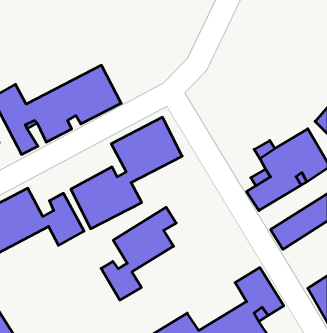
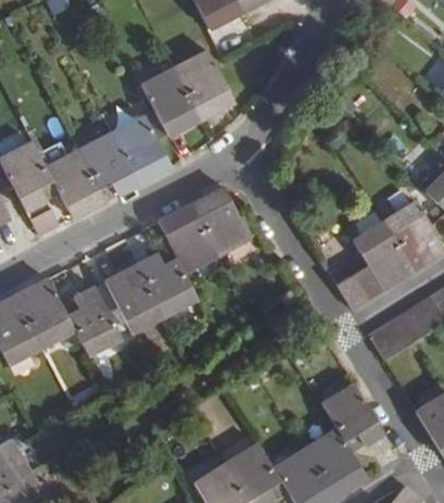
building: none -> [141,51,232,136]
building: [101,207,176,300] -> none

